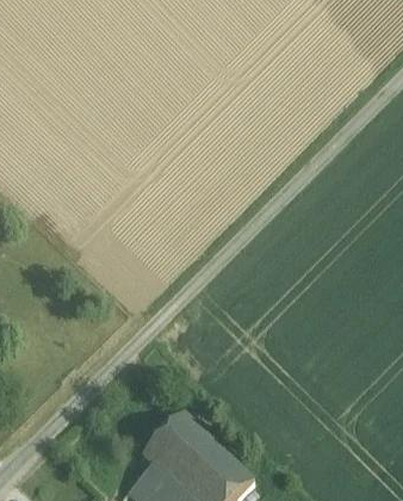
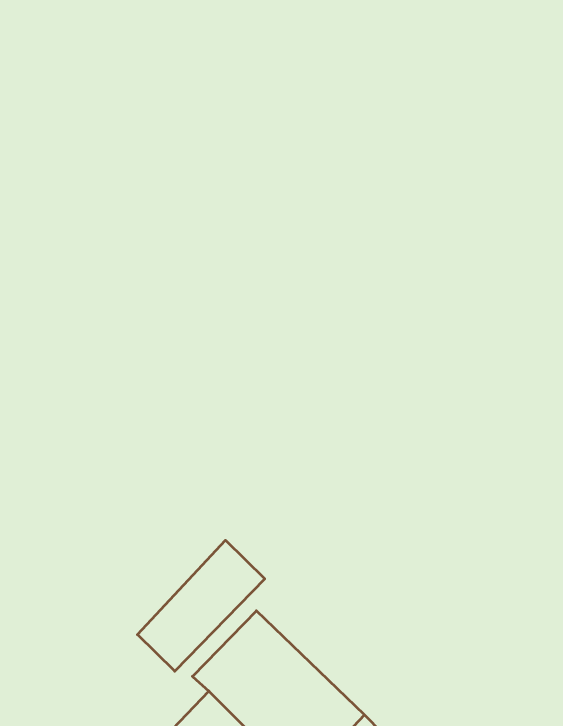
building: none -> [137,540,265,671]

